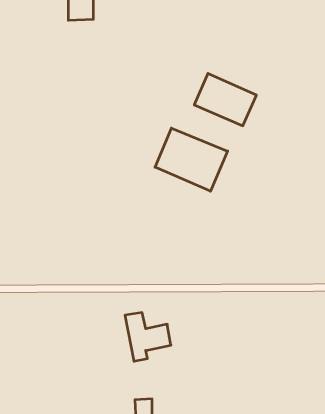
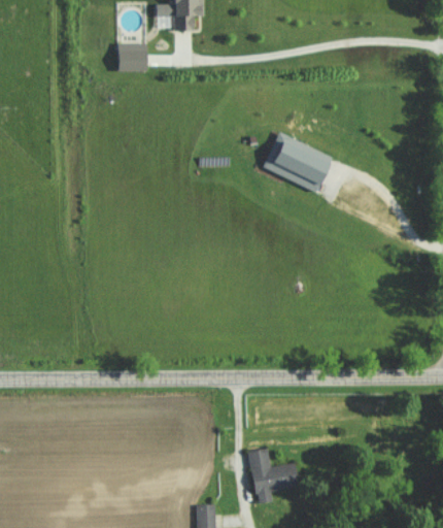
building: [155,128,228,191] -> none
building: [125,313,171,361] -> [247,449,300,504]

